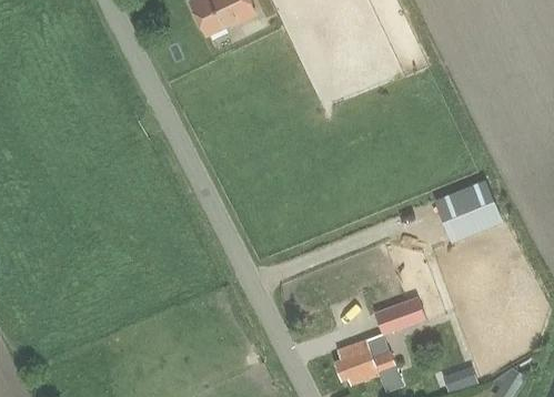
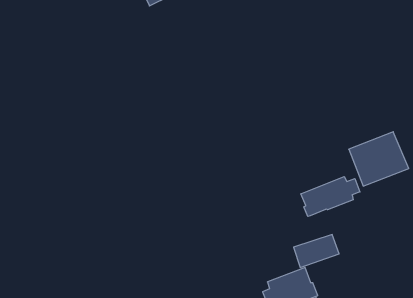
building: none -> [301,177,360,216]

